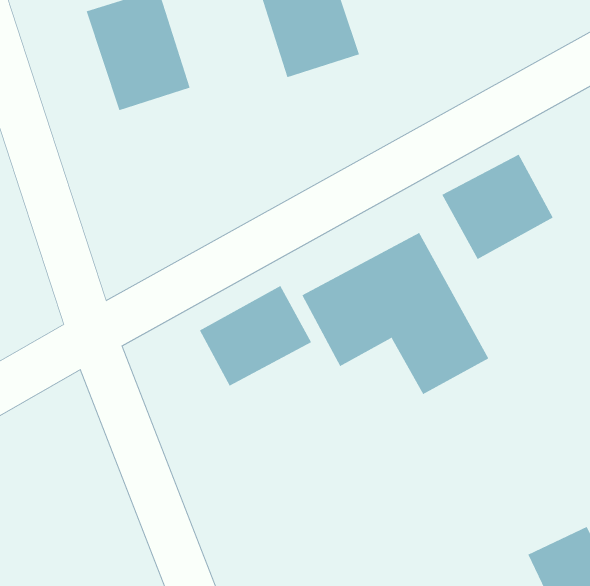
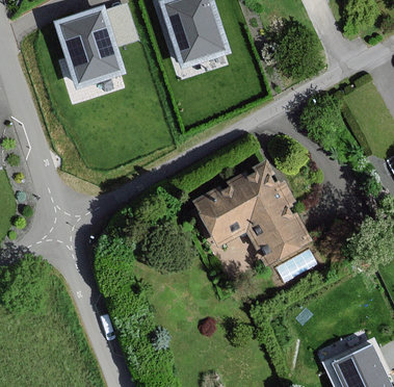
building: [442,154,553,260] -> none
building: [199,285,312,386] -> none

